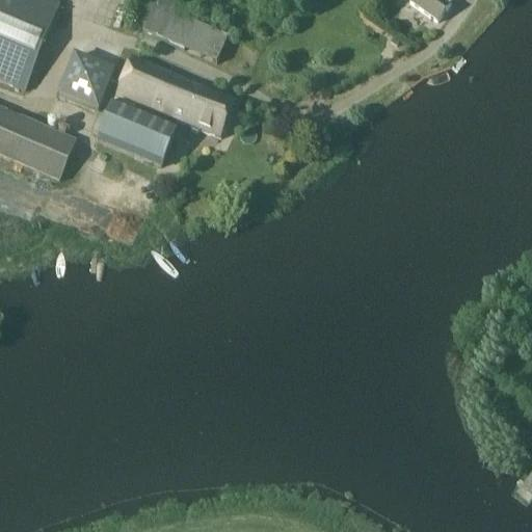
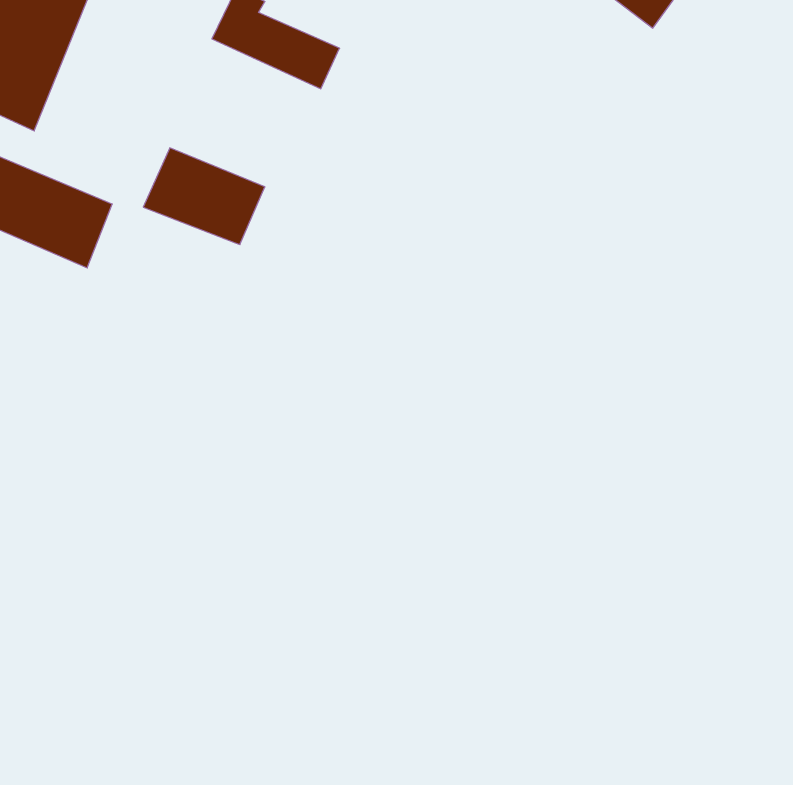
building: [57,51,112,107] -> none
building: [113,54,235,136] -> none

